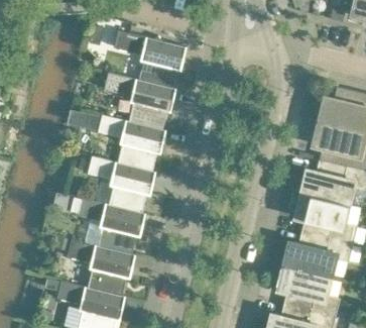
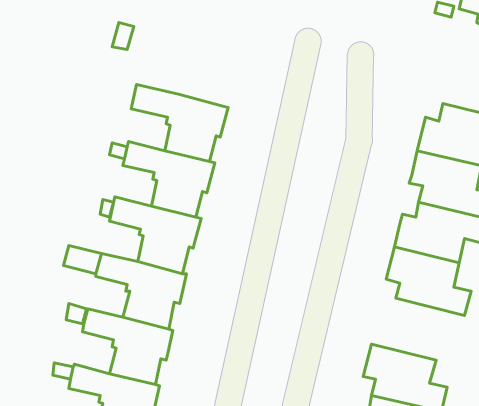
building: [114,30,187,88] -> none
building: [283,231,353,278] -> none

